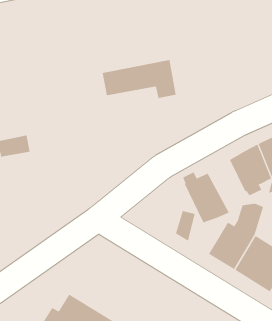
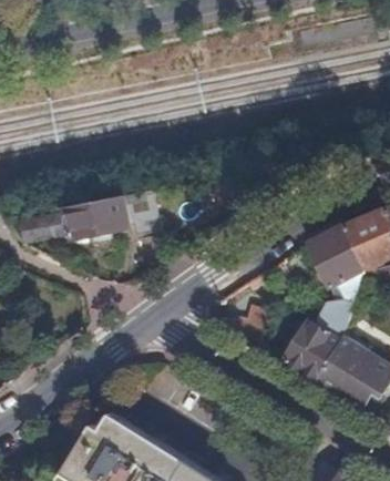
building: [102,59,176,98] -> [66,191,160,239]
building: [183,171,229,223] -> none

